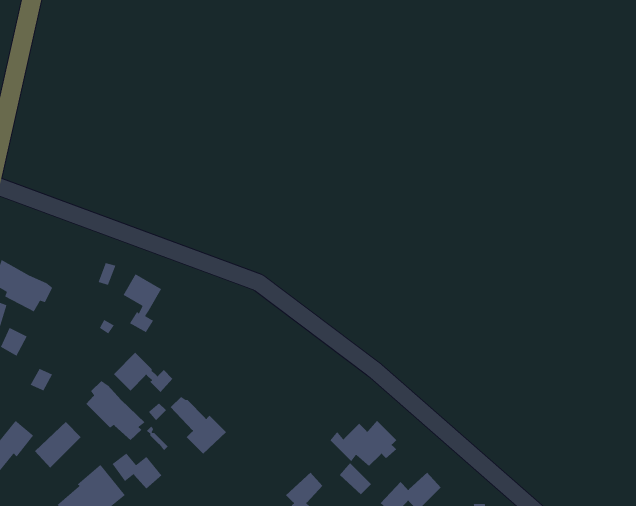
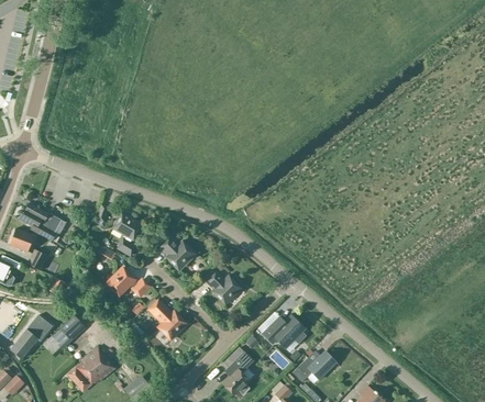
building: none -> [159,236,195,269]
building: none -> [202,268,241,303]
building: [85,380,146,441] -> none
building: [111,453,162,489] -> none

